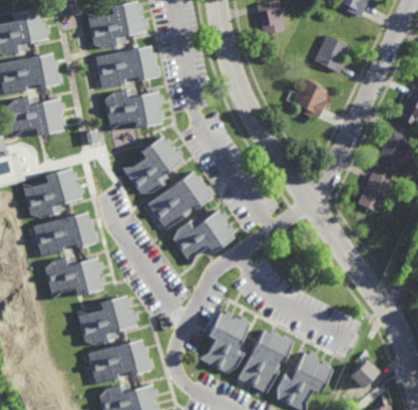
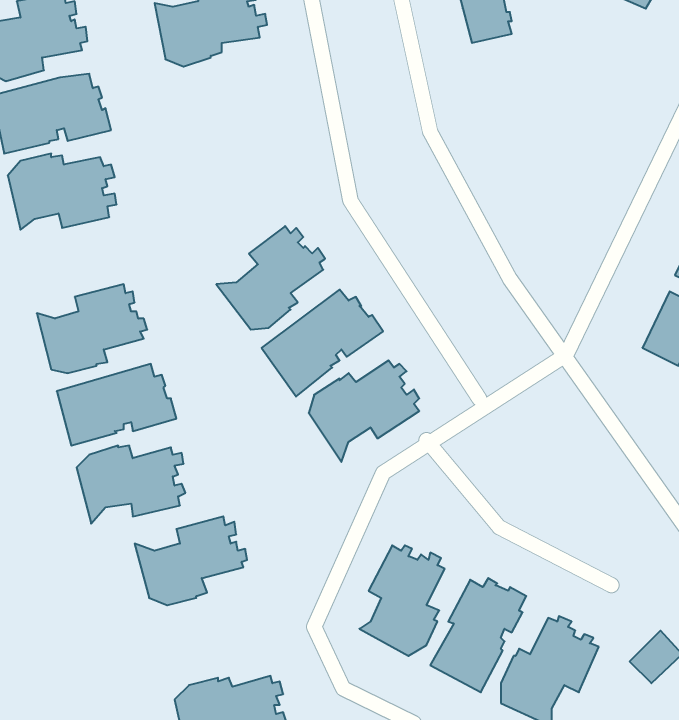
building: [314,34,348,70] -> none
building: [96,43,160,88] -> none
building: [291,78,329,120] -> none
building: [104,87,162,129] -> none
building: [87,340,152,385] -> none

